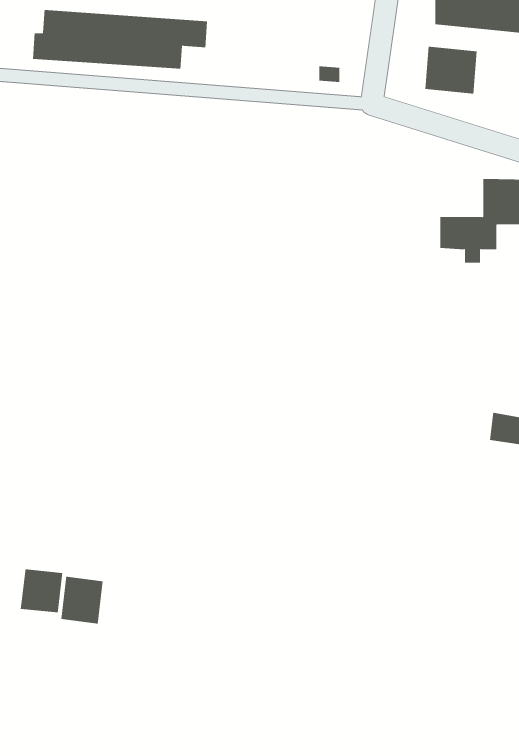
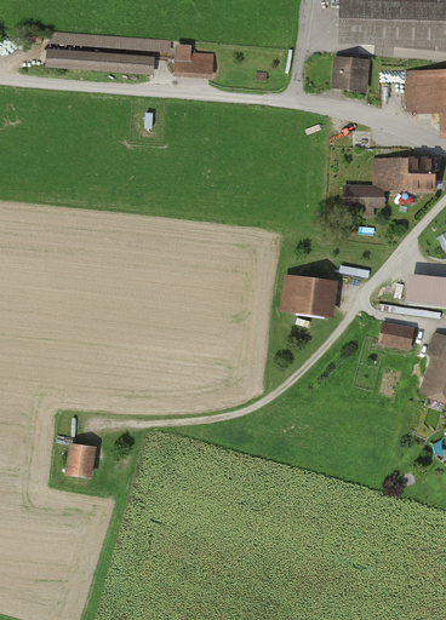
building: none -> [173,42,216,78]
building: none -> [279,277,338,317]
building: [20,569,63,613] -> none

